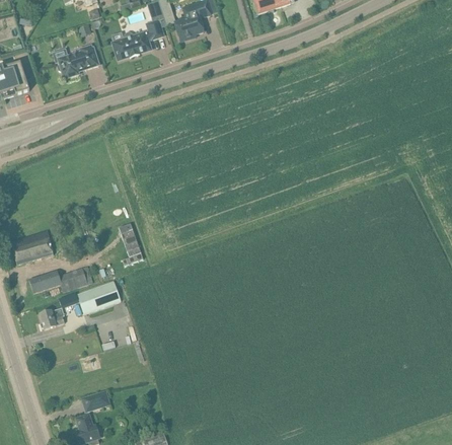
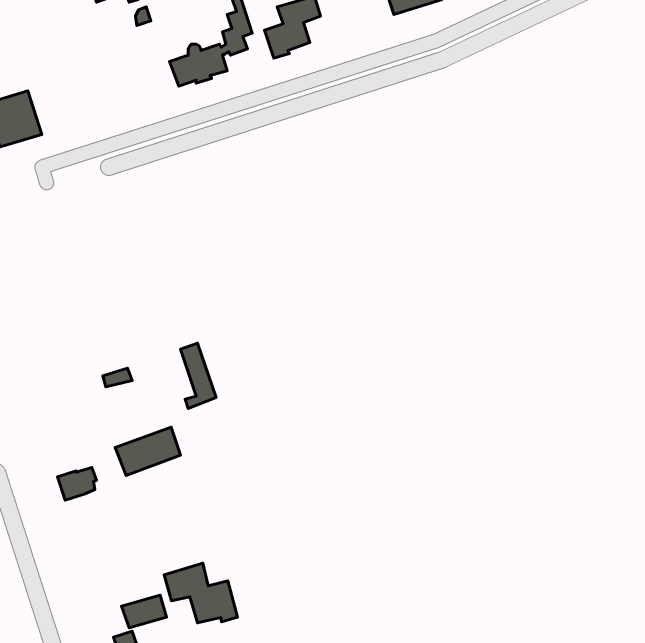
building: [52,44,99,76] -> none
building: [11,231,54,263] -> none
building: [29,265,92,291] -> none
building: none -> [164,563,238,623]

